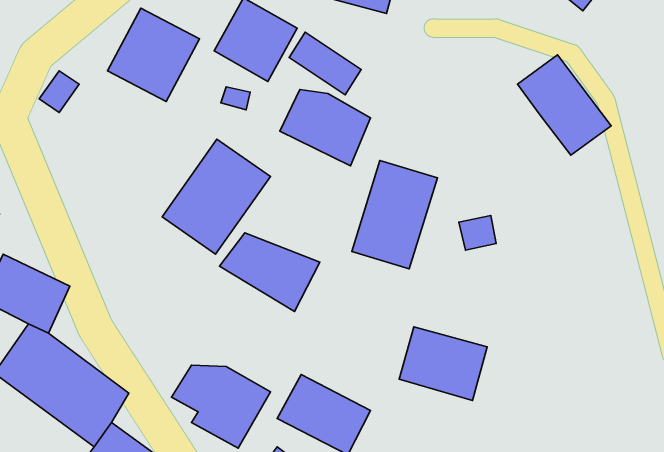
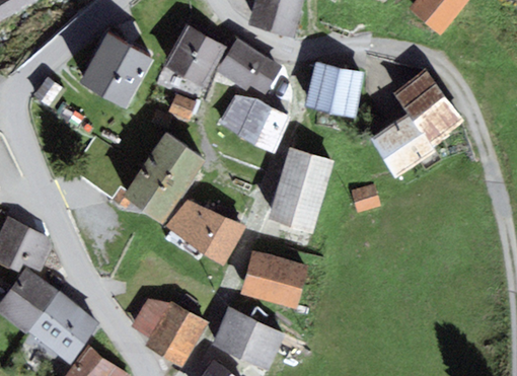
building: none -> [303,64,363,117]
building: none -> [372,112,434,173]
building: [399,327,487,400] -> [241,251,308,307]

